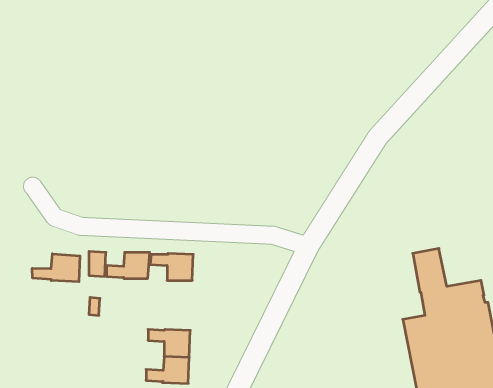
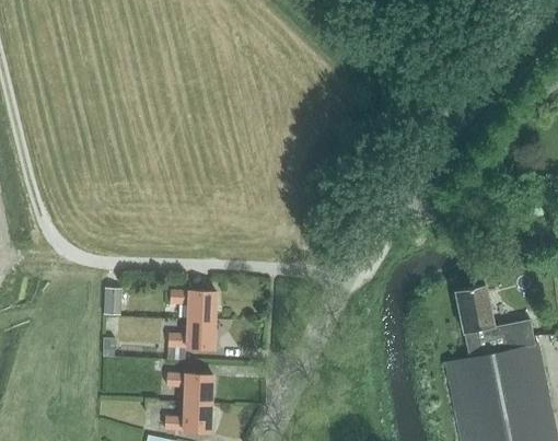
building: [107,252,150,278] -> [168,320,216,348]
building: [32,254,80,282] -> none

